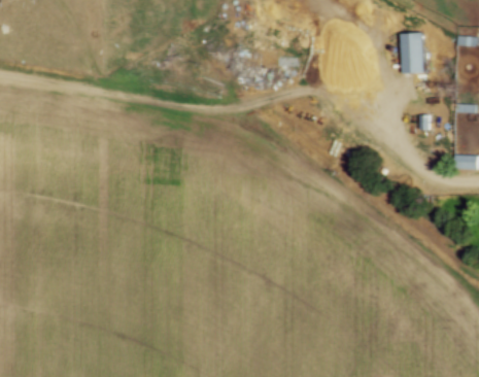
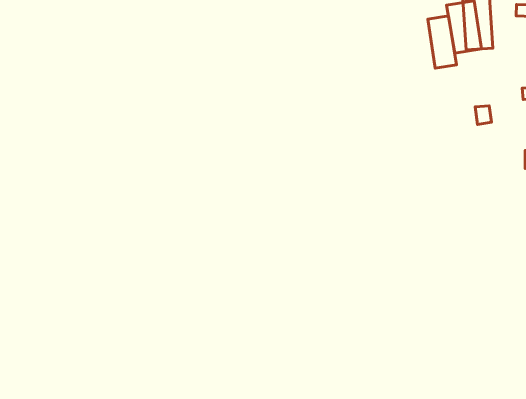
building: none -> [428,16,457,68]

